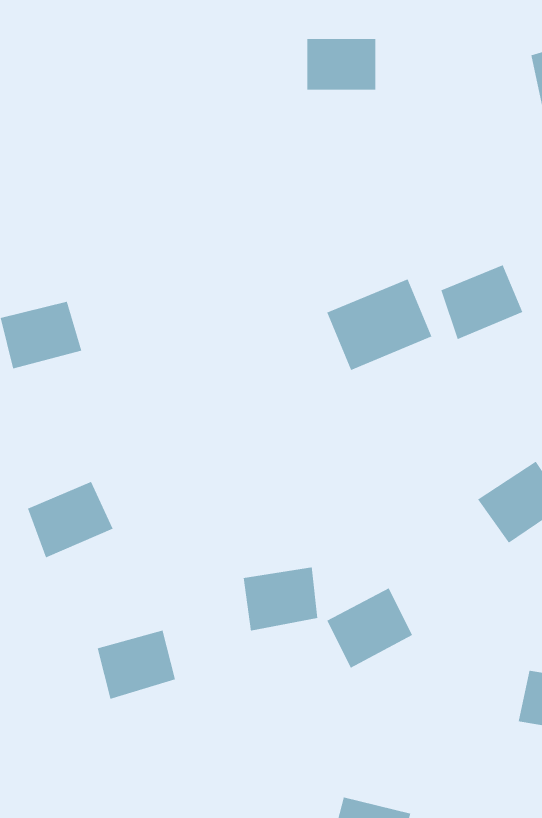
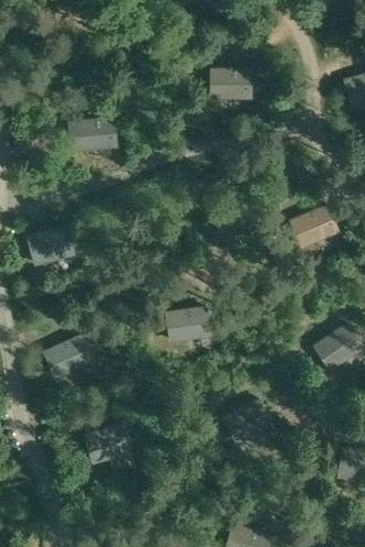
building: none -> [67,118,117,153]
building: [326,278,432,371] -> none
building: [243,567,318,631] -> [165,306,210,344]

